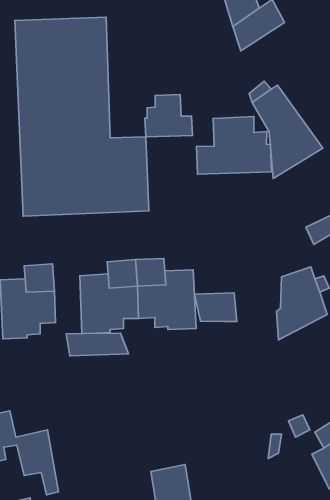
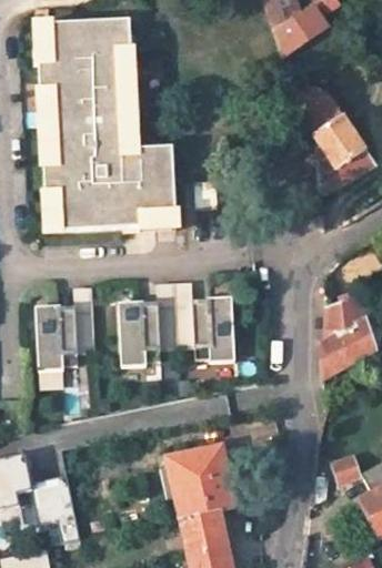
building: [145,94,192,137] -> none
building: [196,117,271,174] -> none
building: [195,293,237,322] -> none
building: [66,333,128,356] -> none
building: none -> [173,452,238,518]

